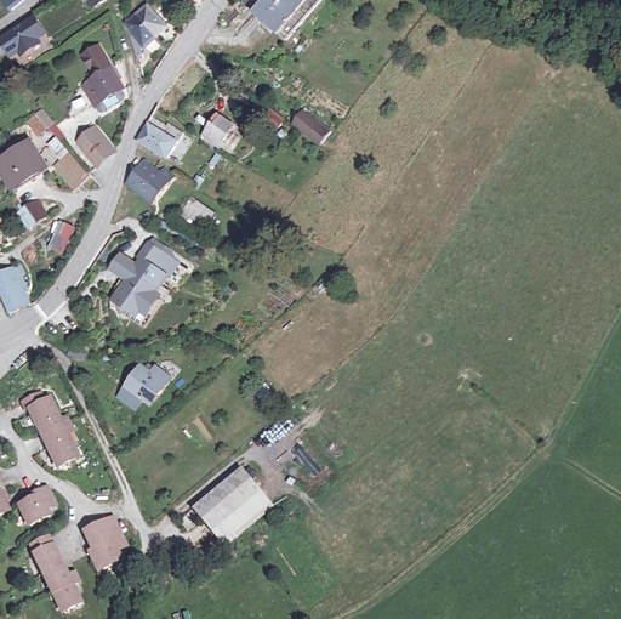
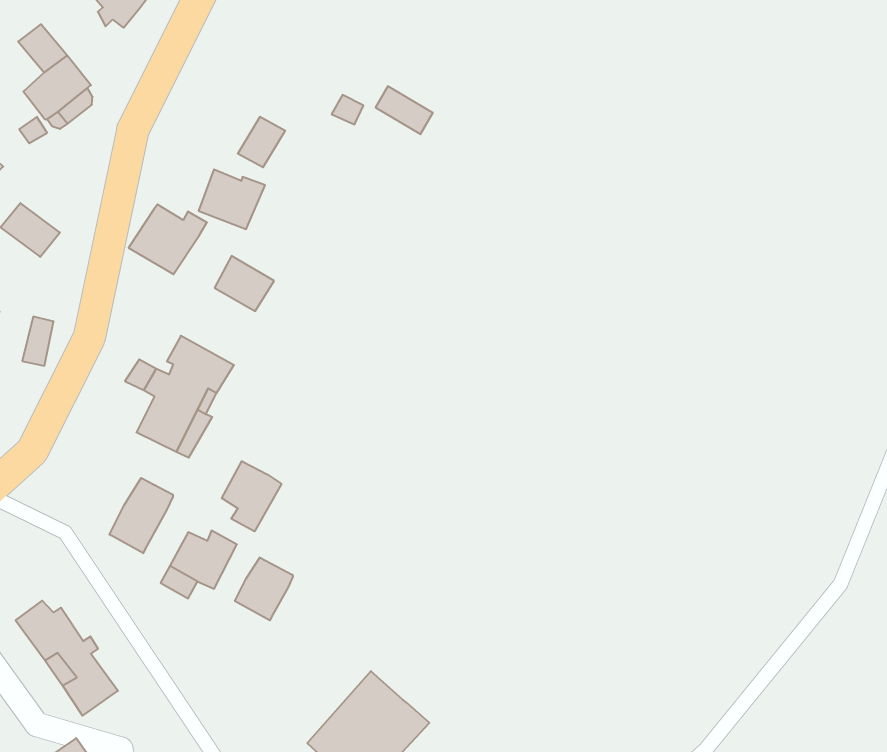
building: [138,117,182,157] -> [199,169,265,229]
building: [69,119,109,160] -> none
building: none -> [222,461,281,531]
building: none -> [109,478,173,553]
building: none -> [235,557,293,620]

